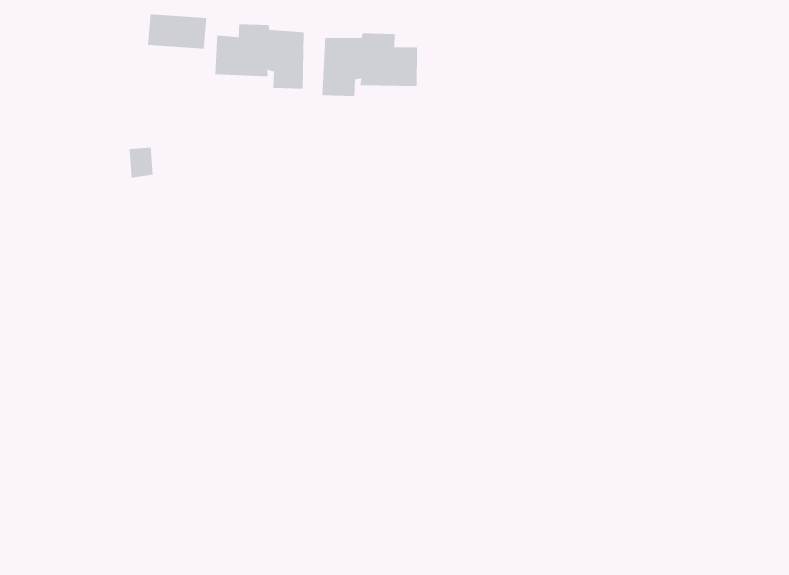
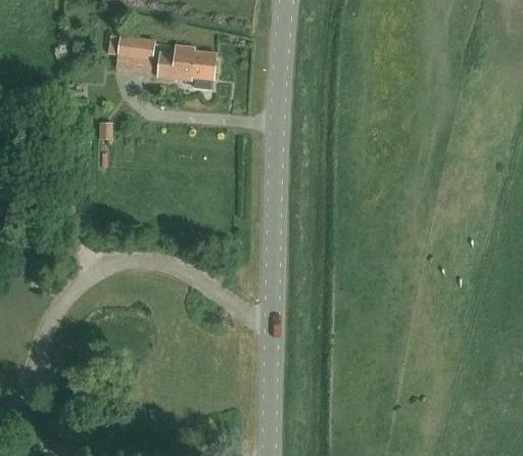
building: [322,32,418,97] -> none

